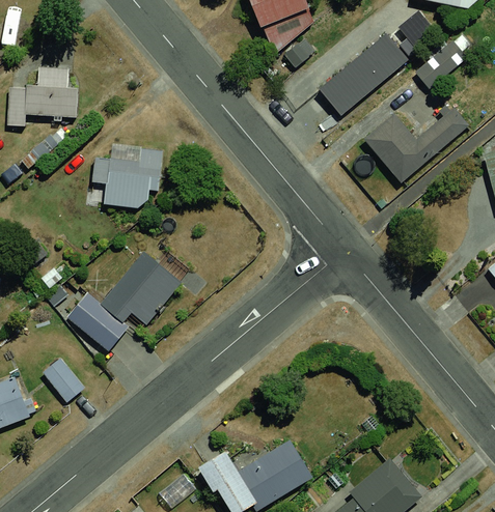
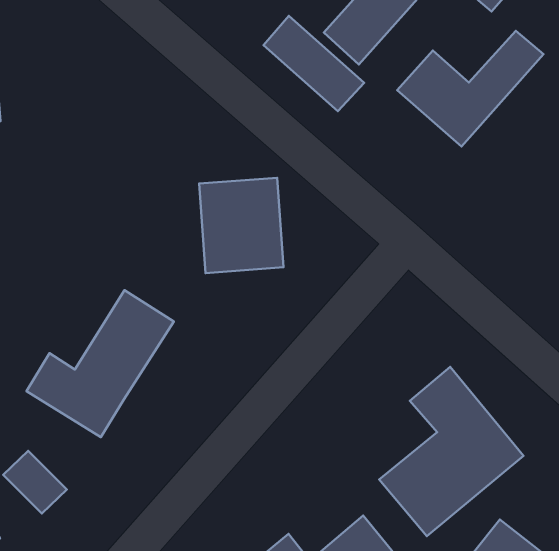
building: none -> [264,16,364,111]
building: [98,144,160,214] -> [199,178,283,273]
building: none -> [379,367,523,536]

